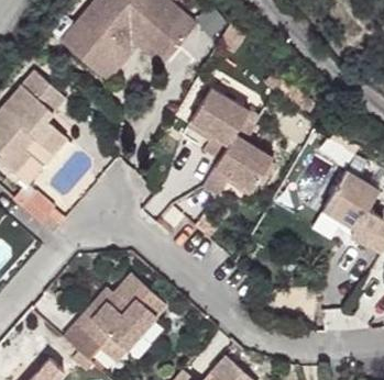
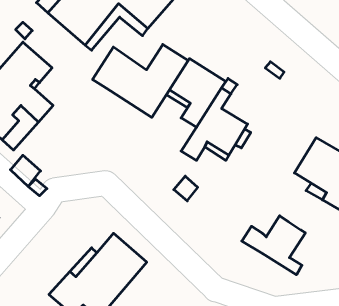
building: none -> [93,44,188,117]
building: none -> [242,216,305,275]

